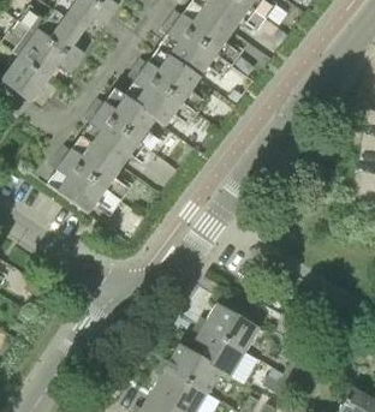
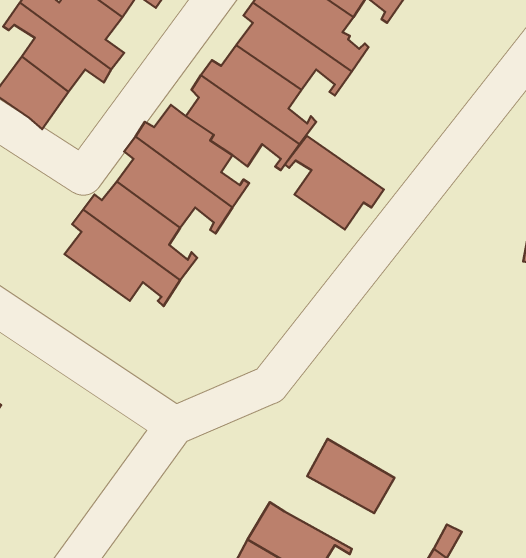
building: none -> [285,136,384,230]
building: [188,326,245,372] -> none

